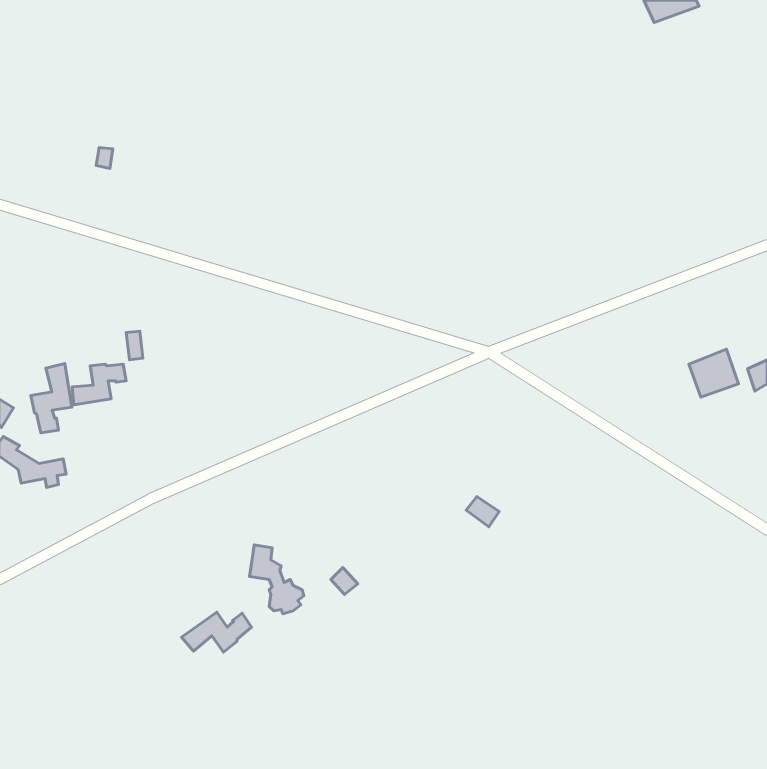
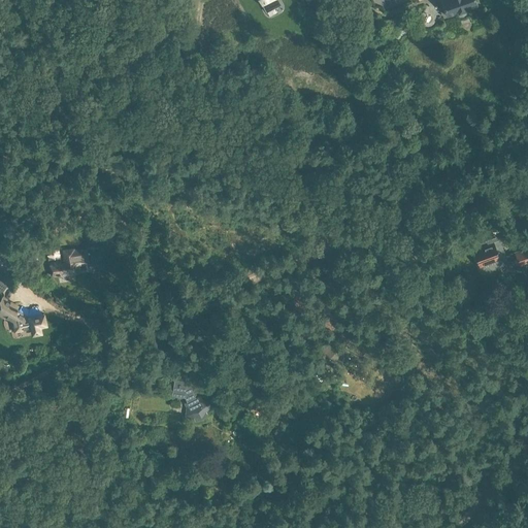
building: [31,363,72,433] -> none
building: [182,612,252,652] -> none

